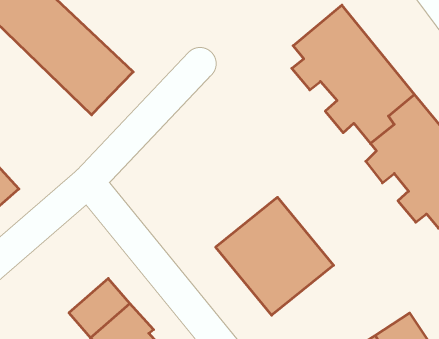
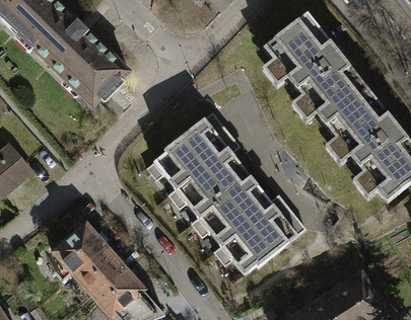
building: none -> [151,117,251,218]
building: none -> [52,220,107,273]

